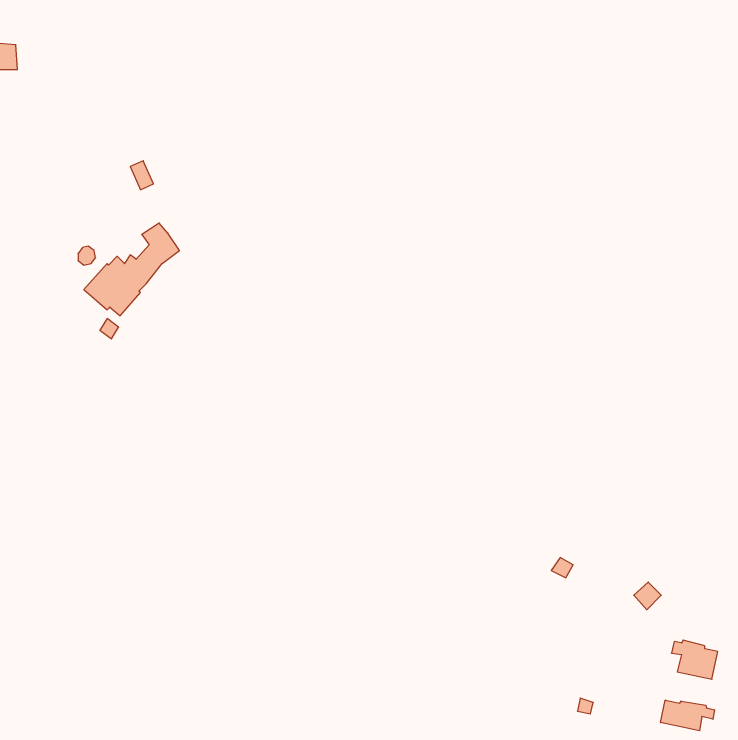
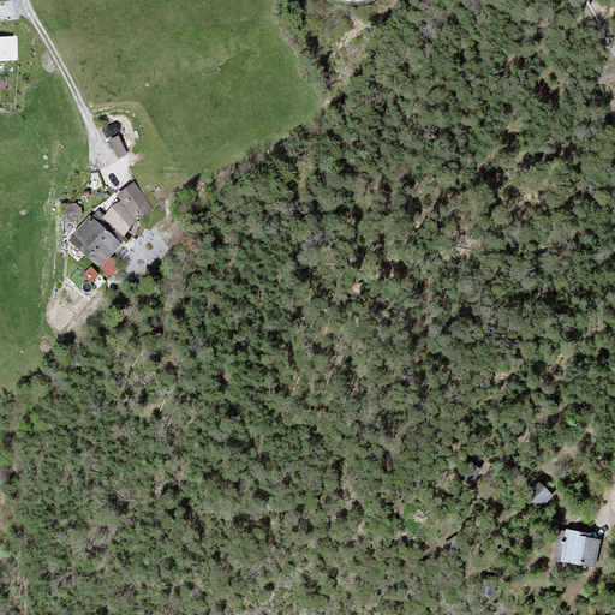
building: [661,700,714,731] -> none

